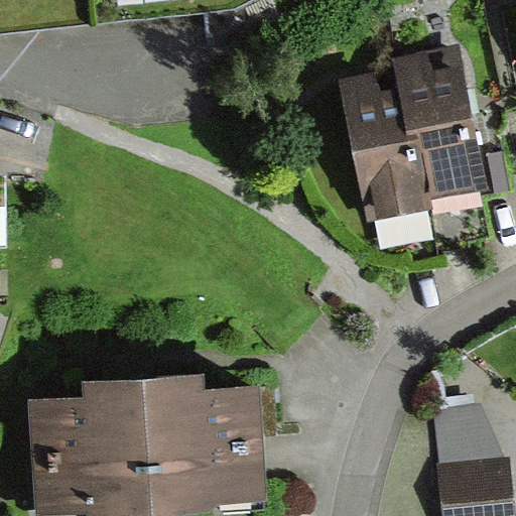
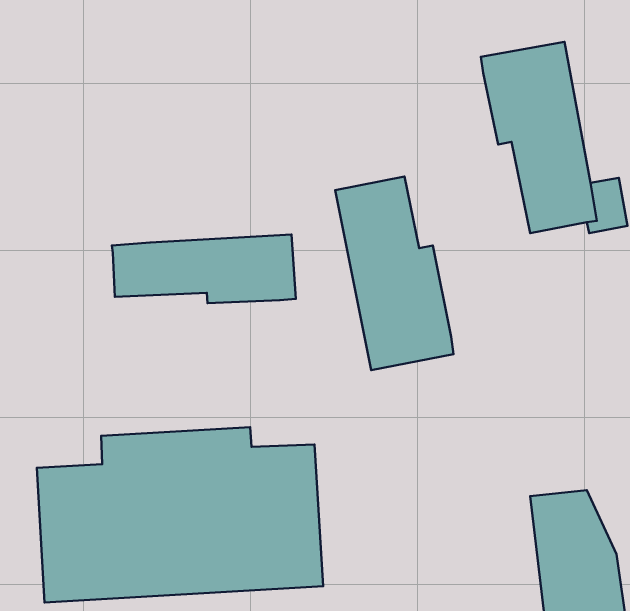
building: [339,76,435,234] -> [335,176,454,370]
building: none -> [112,234,296,303]

